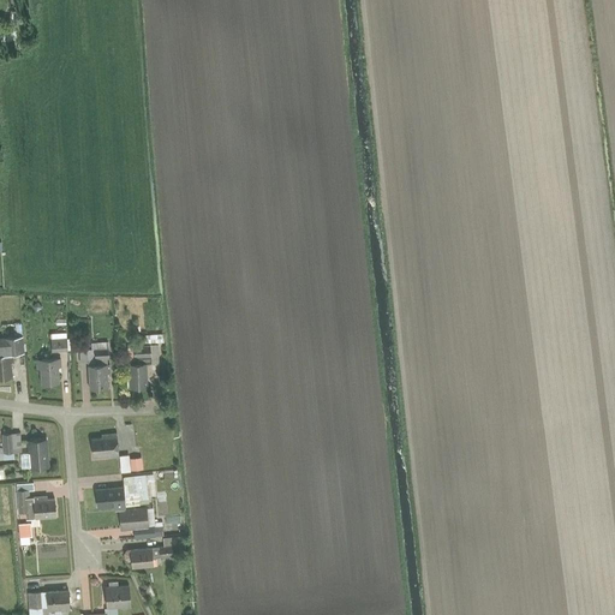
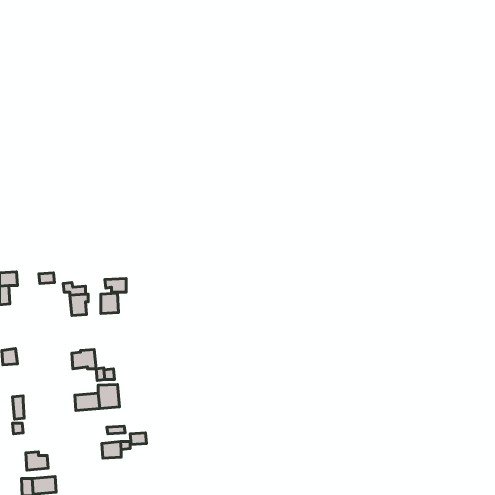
building: [35,359,60,384] -> none
building: [28,438,49,470] -> none
building: [29,496,56,519] -> [26,452,48,470]
building: [118,508,153,529] -> none
building: [102,584,131,608] -> none

